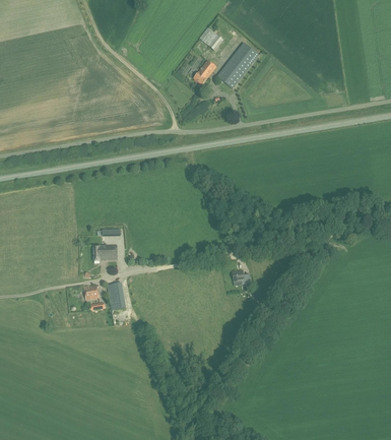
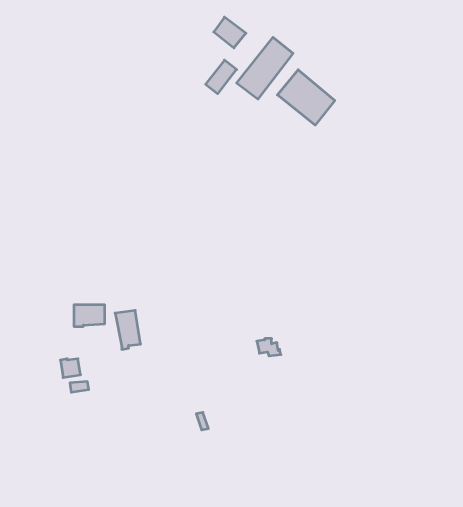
building: none -> [277,70,335,125]
building: [107,282,126,312] -> [115,310,141,349]

